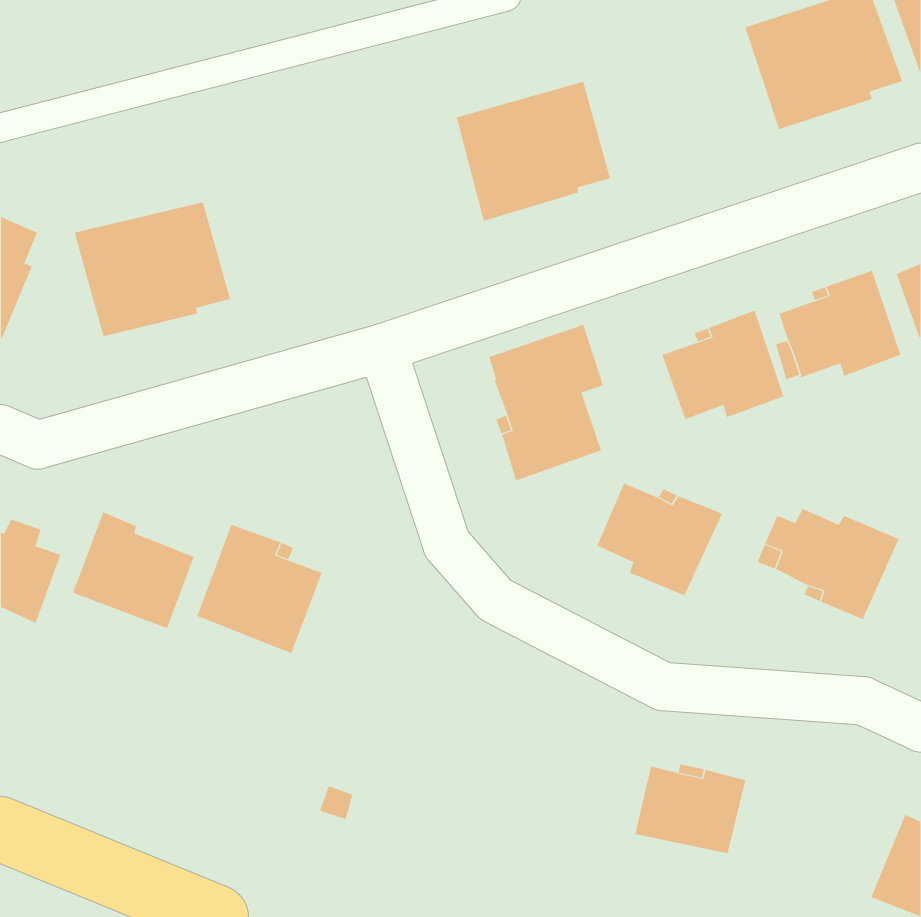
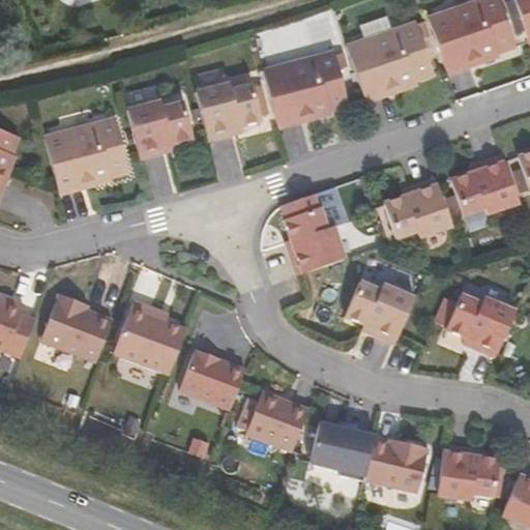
building: none -> [345,18,436,101]
building: none -> [194,78,262,137]
building: none -> [126,99,195,158]
building: none -> [179,350,245,409]
building: none -> [237,391,307,451]
building: none -> [310,422,375,481]
building: none -> [436,446,500,500]

